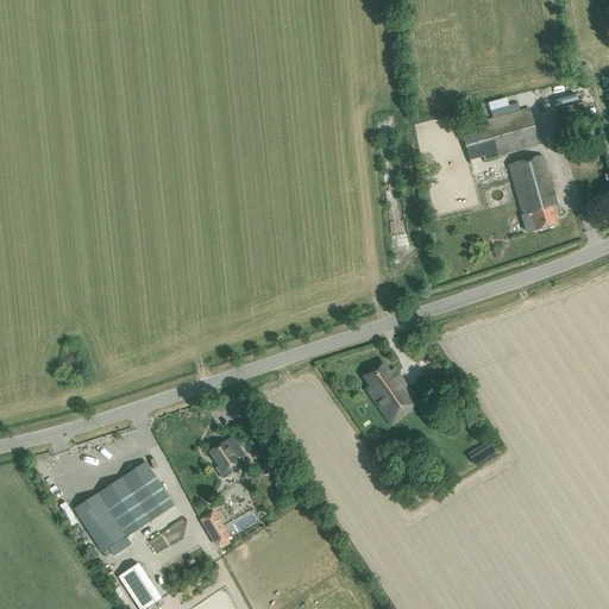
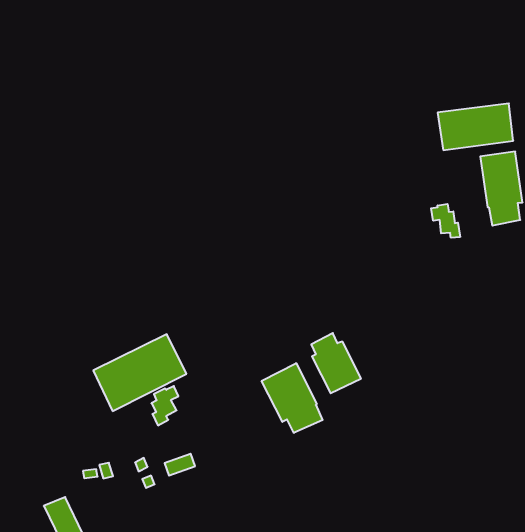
building: none -> [431,204,460,238]
building: none -> [262,363,323,433]
building: [77,466,171,551] -> [93,334,186,411]

